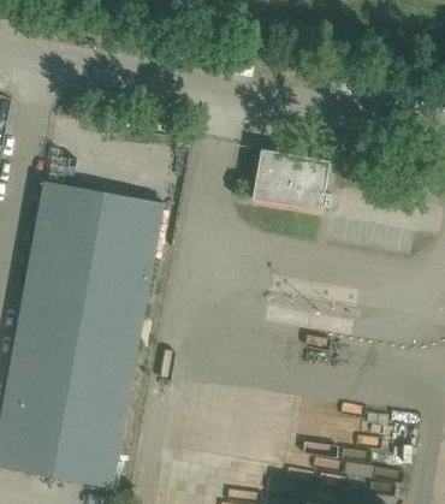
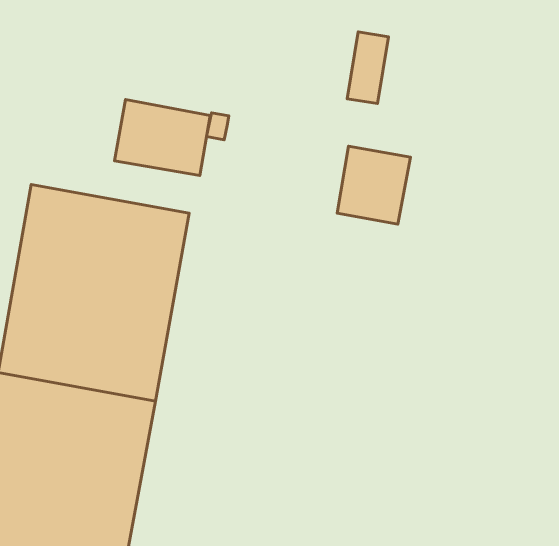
building: none -> [115,99,210,175]
building: [253,149,284,203] -> [347,32,389,104]

